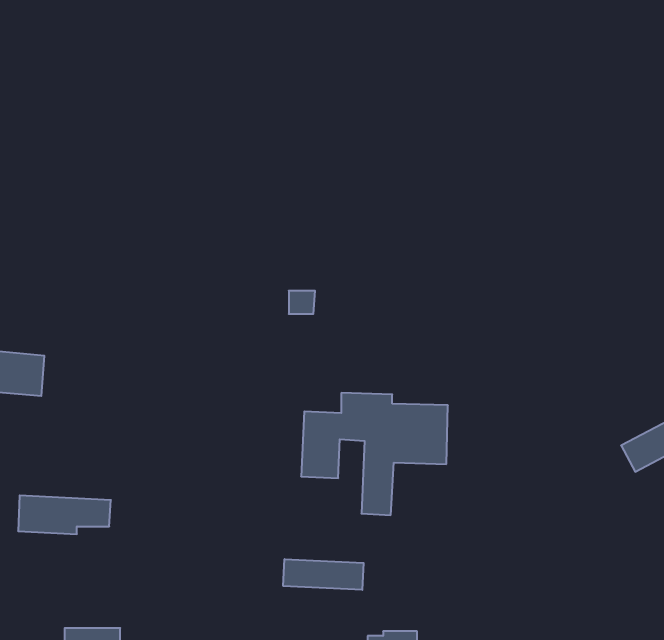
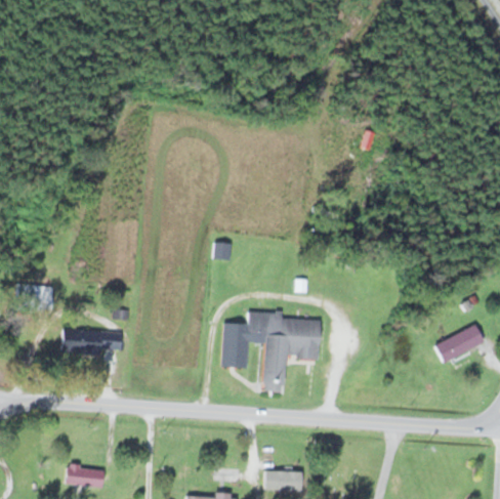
building: [18,495,111,534] -> [60,330,122,356]
building: [283,559,364,590] -> none

